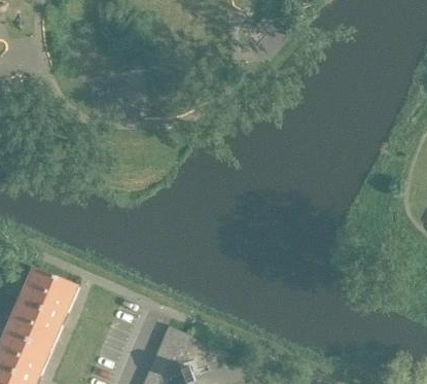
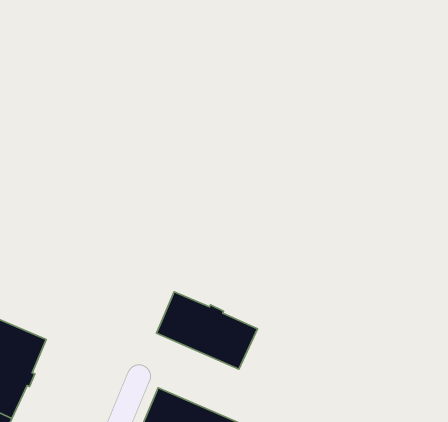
building: none -> [157,292,257,369]

